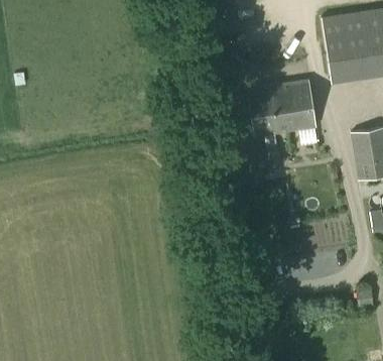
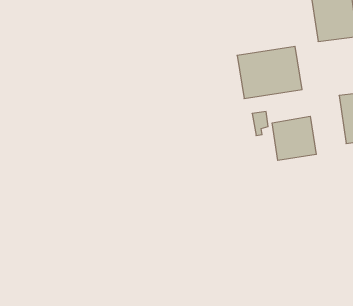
building: none -> [272,116,316,160]

